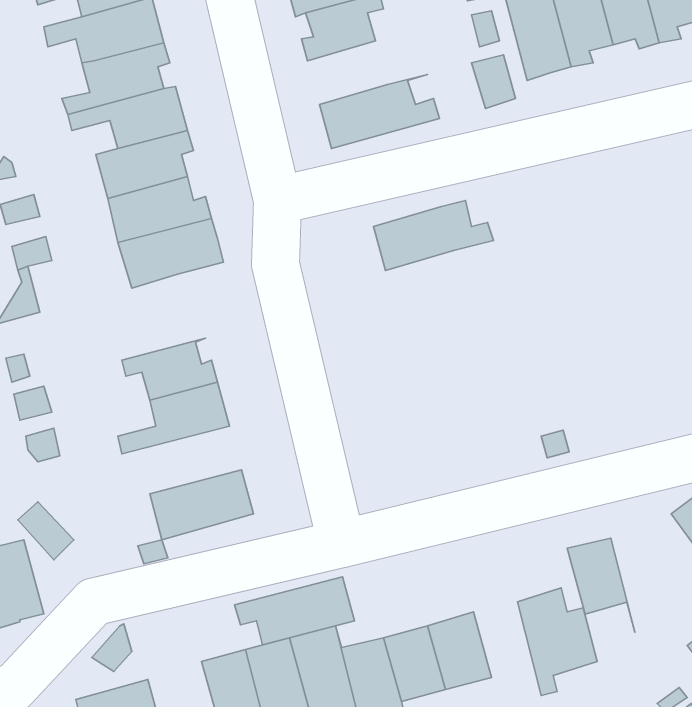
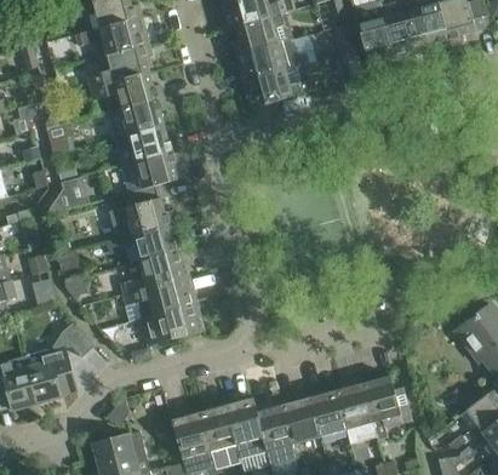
building: [374,200,493,270] -> [236,39,309,81]
building: none -> [107,184,174,238]
building: [567,538,635,632] -> [337,383,378,440]
building: [235,577,355,645] -> [124,276,196,317]

